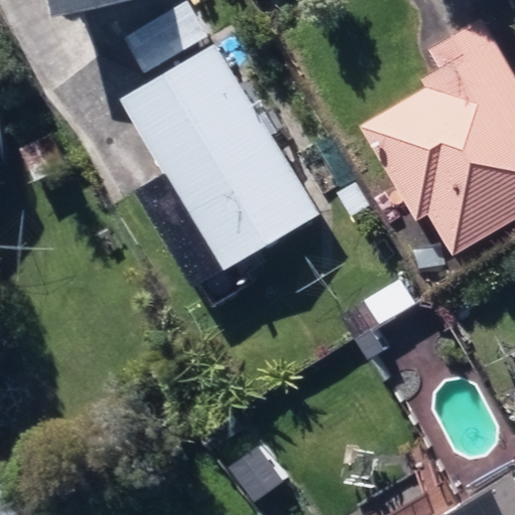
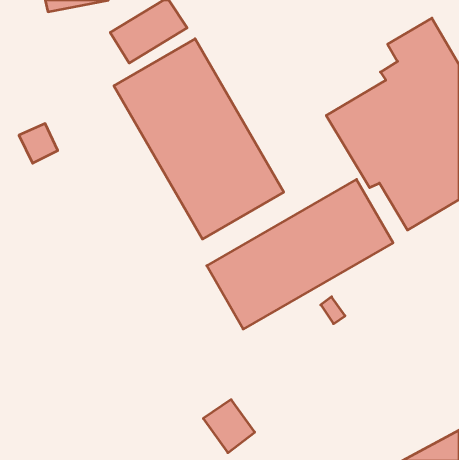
building: none -> [207,179,393,329]

